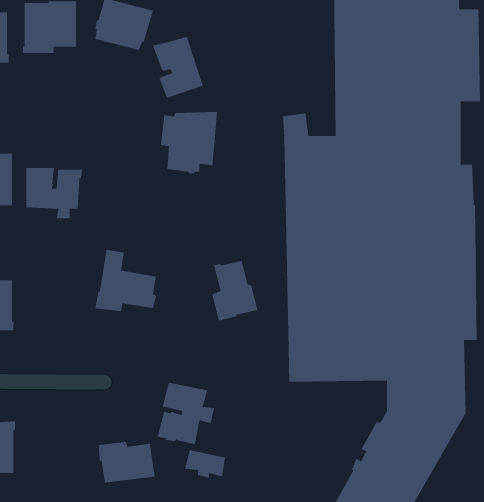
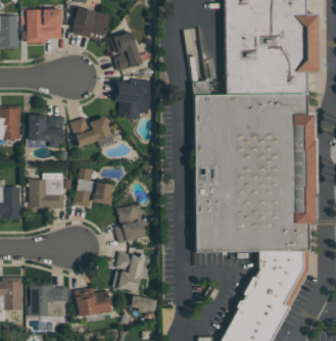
building: none -> [70,116,111,147]
building: none -> [29,174,64,212]
building: [212,260,258,321] -> [115,205,145,244]
building: none -> [28,283,68,316]

